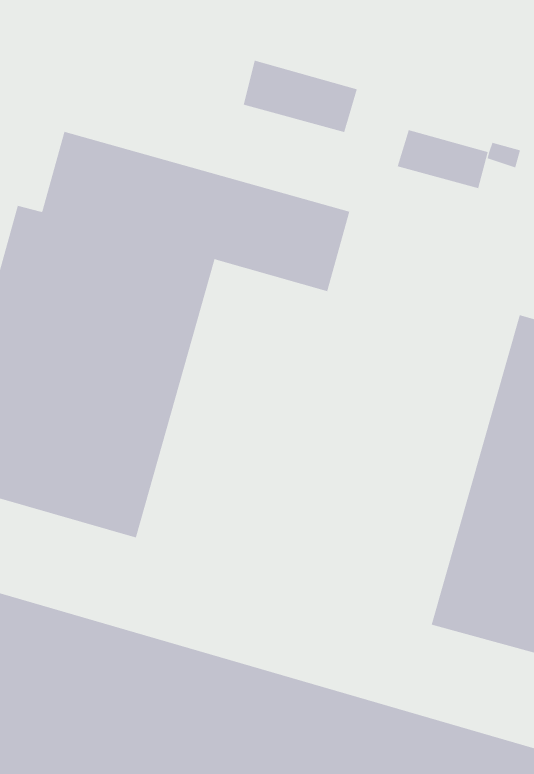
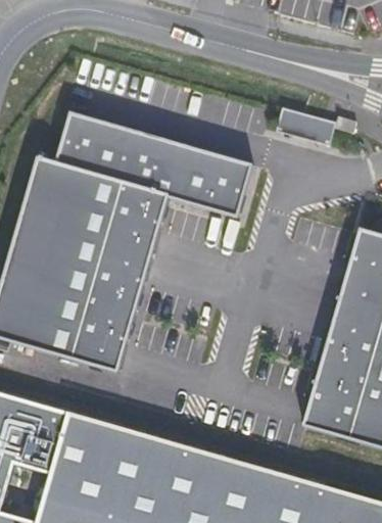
building: [243,60,357,133] -> none

